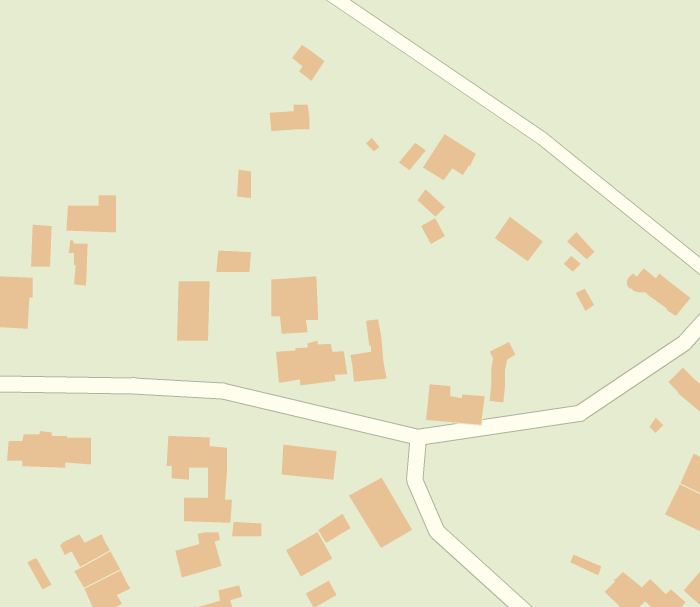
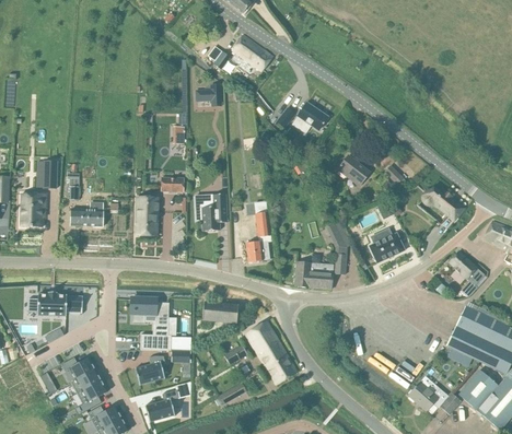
building: none -> [232,34,274,71]
building: [65,195,117,233] -> [70,202,103,226]
building: none -> [368,227,406,263]
building: [275,340,348,386] -> none
building: [285,531,333,577] -> [266,355,296,385]

